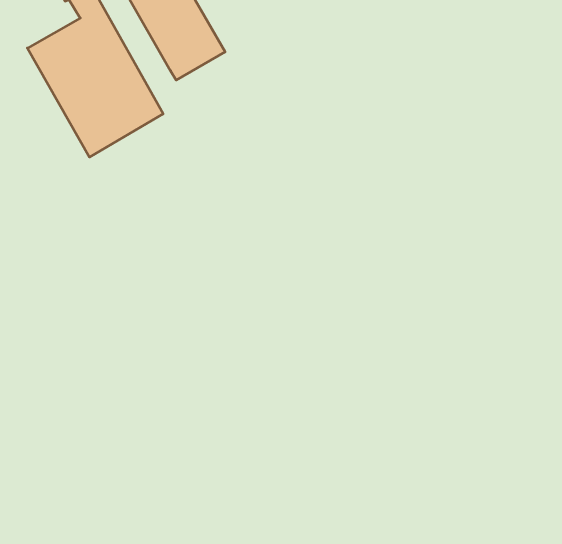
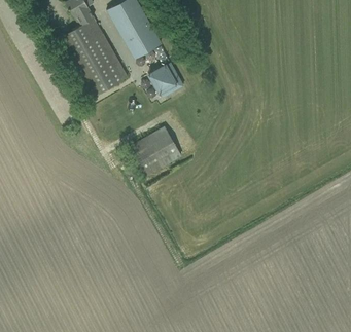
building: none -> [149,61,183,97]
building: none -> [129,124,181,175]

